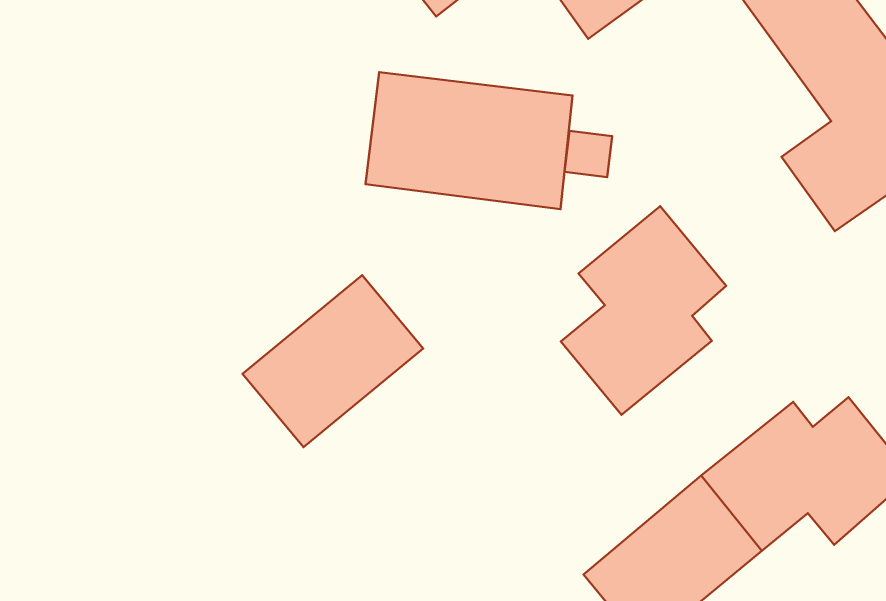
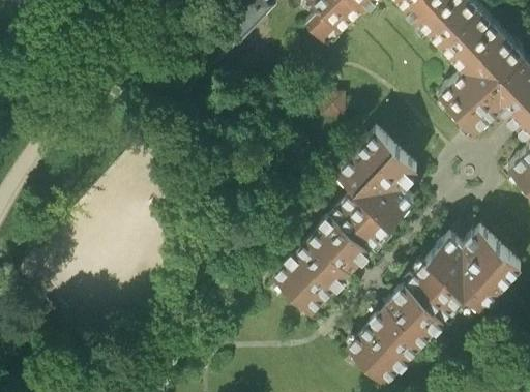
building: [365,72,573,209] -> none
building: [243,275,423,447] -> [274,211,372,309]

